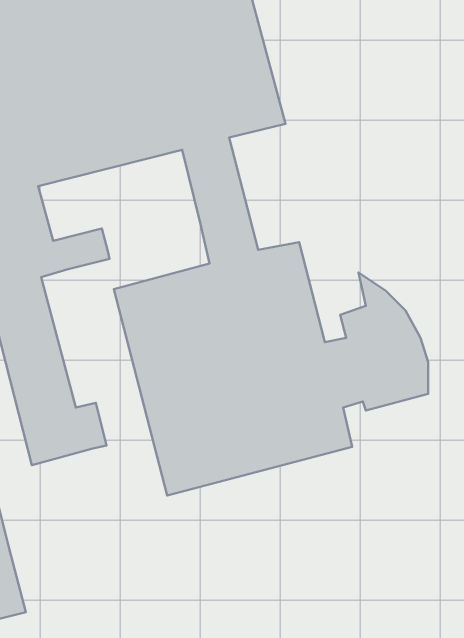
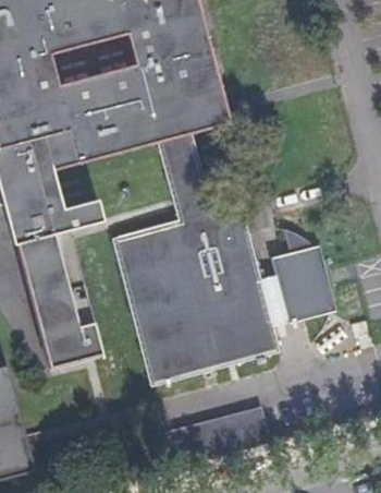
building: none -> [158,409,267,466]

